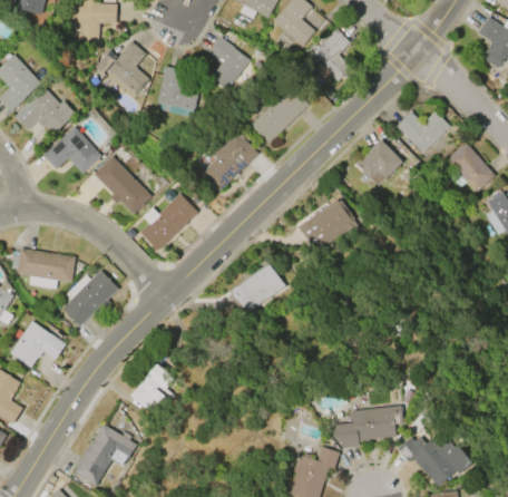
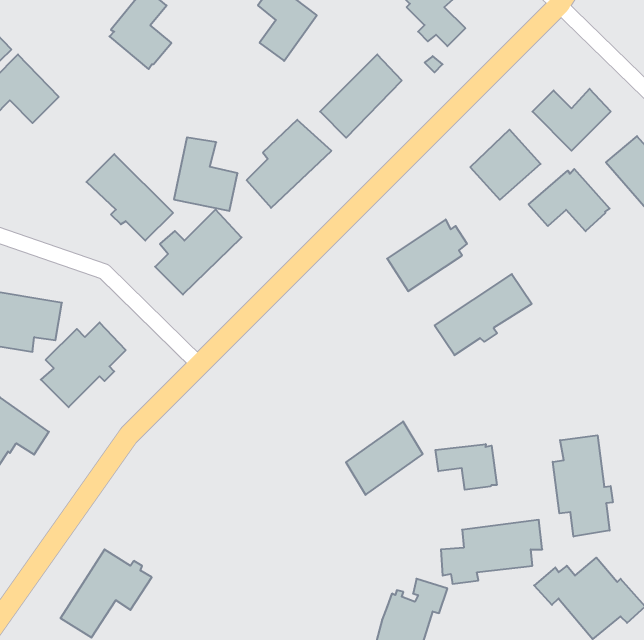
building: [156,67,199,117] -> [174,137,238,211]
building: [43,126,101,174] -> none
building: none -> [529,169,610,231]
building: none -> [435,274,532,355]
building: [231,264,283,314] -> [346,421,423,495]
building: none -> [553,435,613,537]
building: none -> [435,444,497,490]
building: [131,364,175,416] -> none

